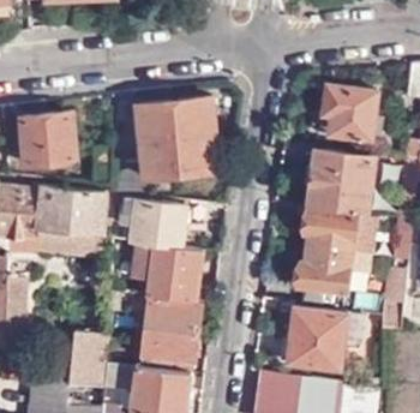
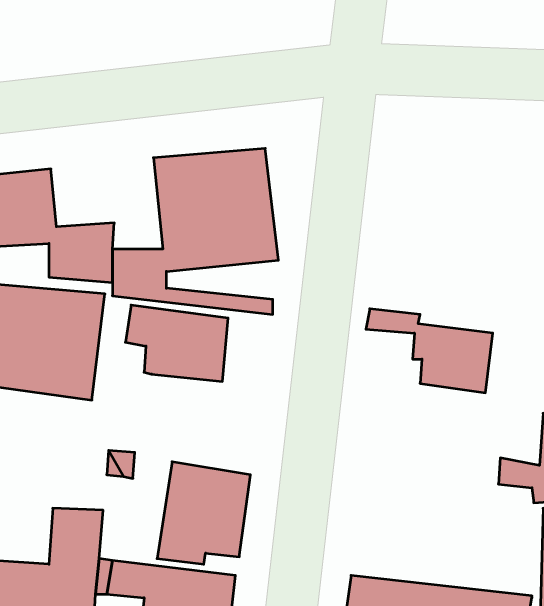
building: [323,85,376,139] -> none
building: [304,150,373,213] -> none
building: [130,244,199,301] -> none
building: [295,250,350,293] -> none
building: [287,309,347,371] -> none

